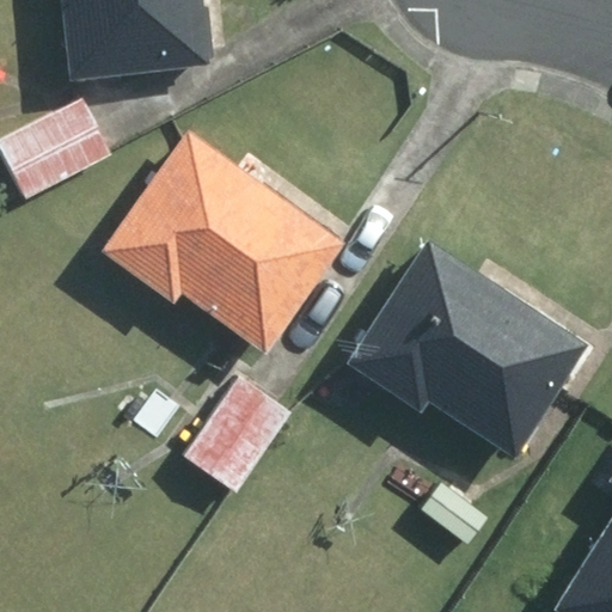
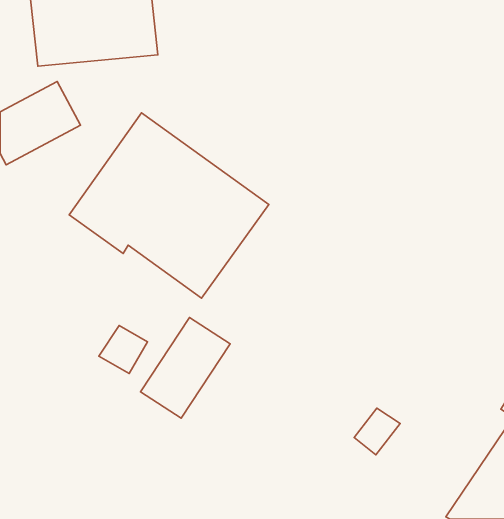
building: [342,245,576,461] -> none

